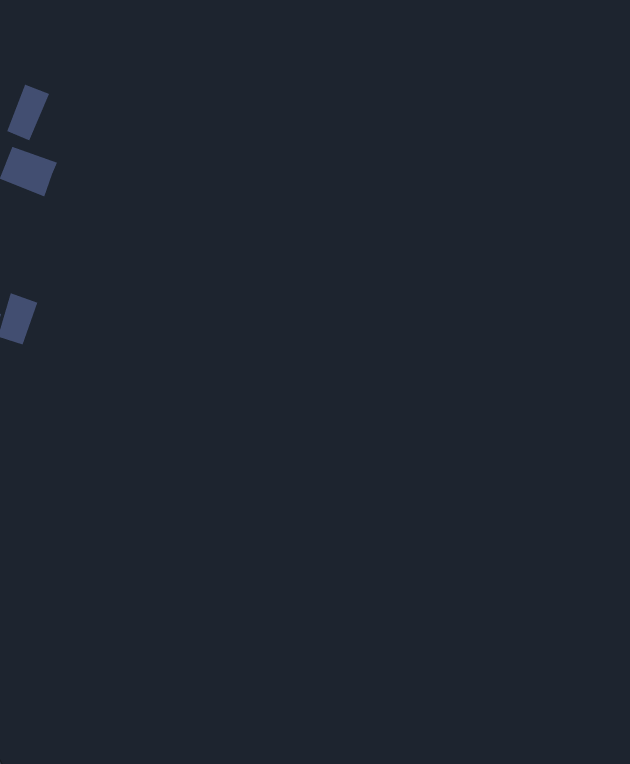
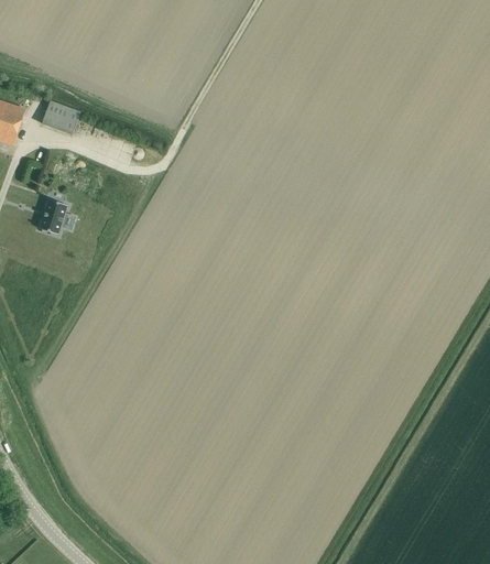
building: [7,84,50,141] -> none

